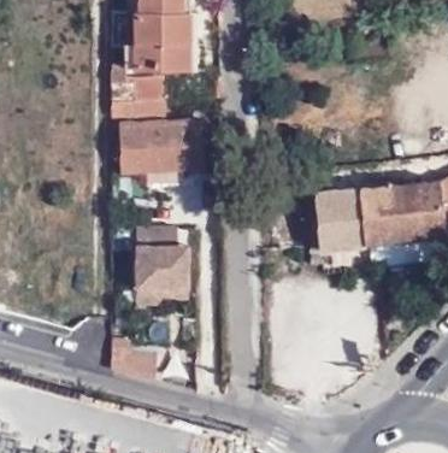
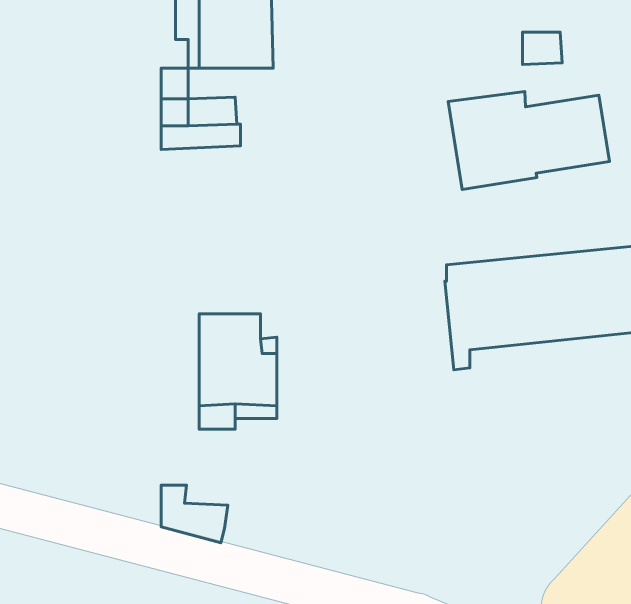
building: none -> [448,91,609,190]
building: [123,122,200,171] -> none

